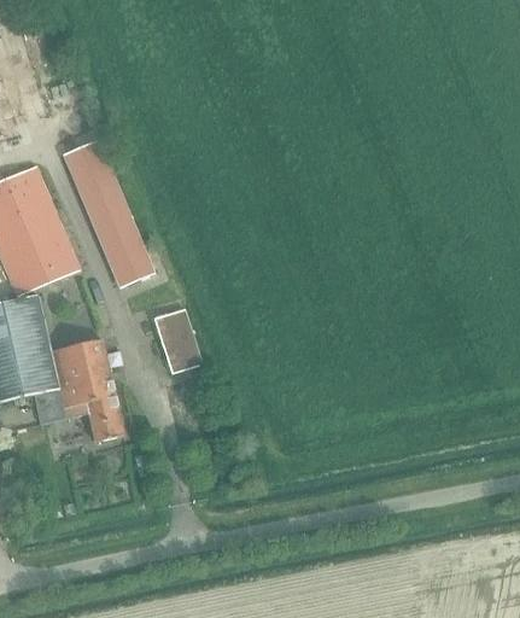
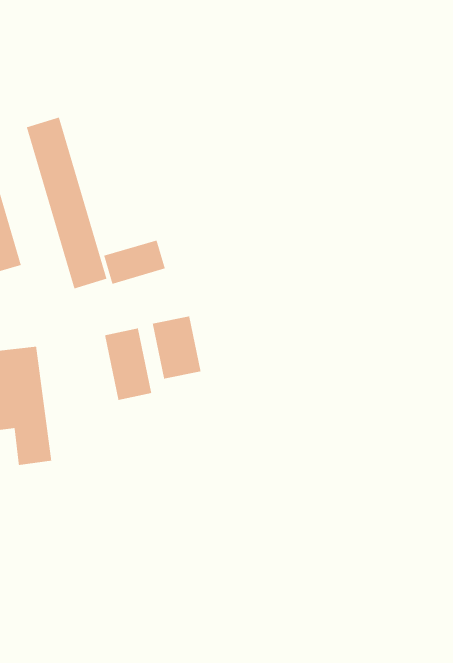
building: none -> [103,239,166,285]
building: none -> [152,316,201,380]

